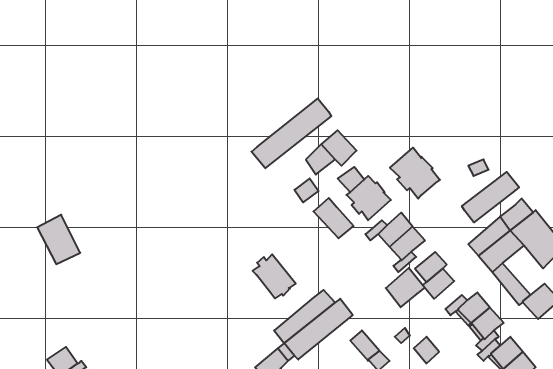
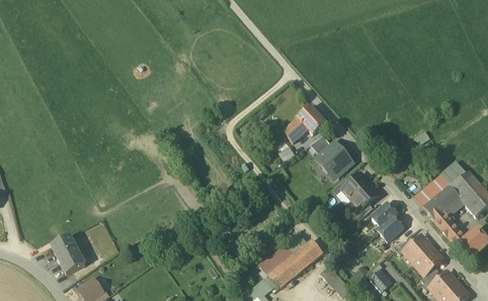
building: [251,98,331,168] -> none
building: [390,148,440,199] -> none
building: [462,172,519,222] -> none
building: [313,198,354,238] -> none
building: [37,215,80,264] -> [51,234,85,274]
building: [253,254,296,298] -> none
building: [386,268,425,307] -> none

